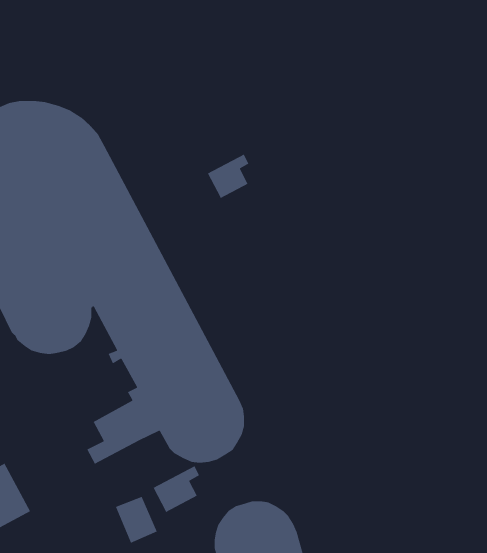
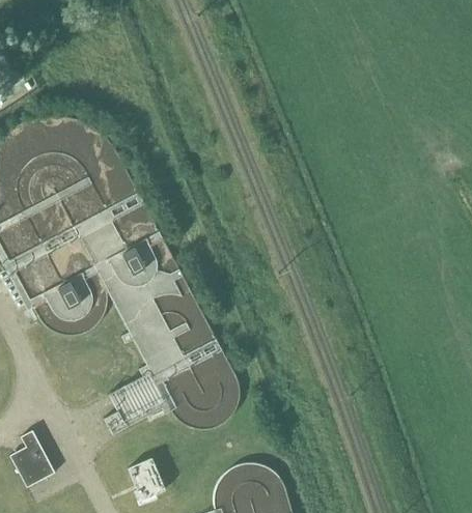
building: [207,153,250,199] -> none
building: [152,465,200,513] -> none

